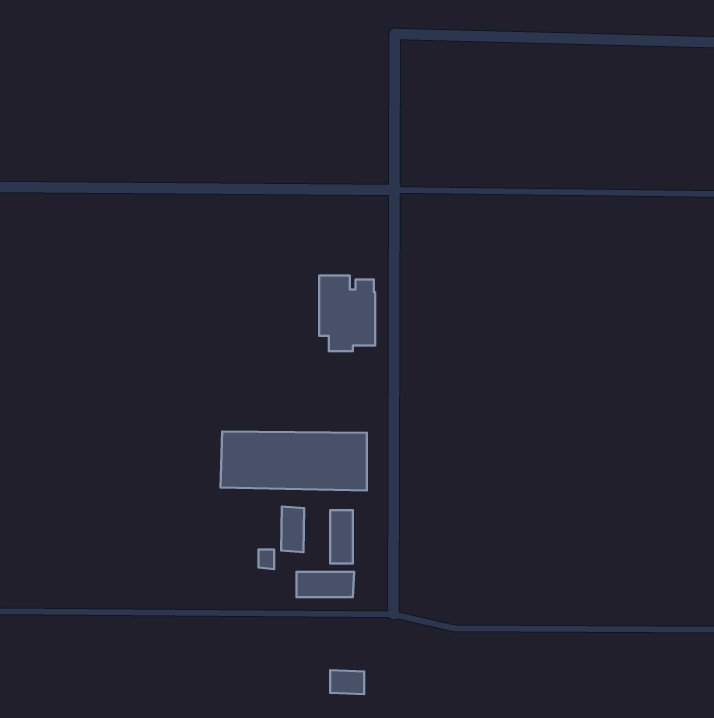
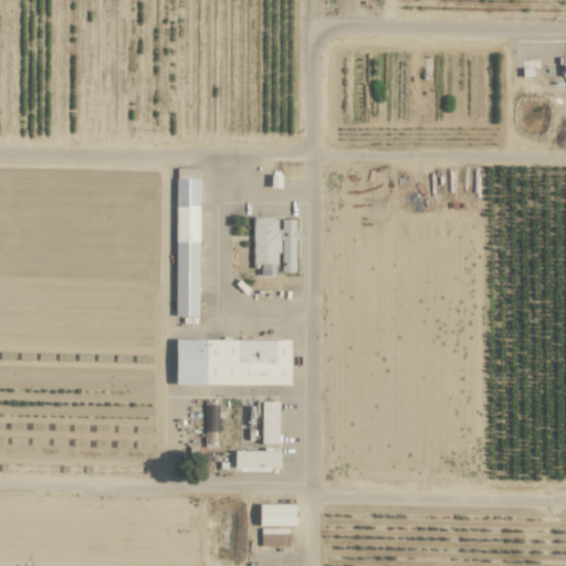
building: none -> [176,168,199,316]
building: [281,507,304,552] -> none
building: none -> [261,504,296,526]

